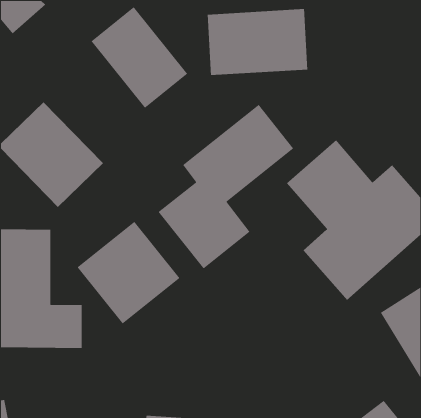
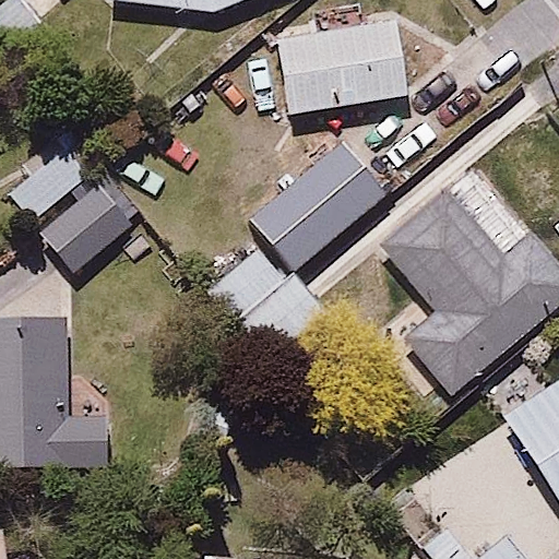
building: [91,6,188,109] -> none
building: [77,221,180,324] -> none

